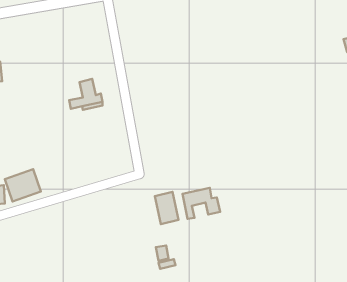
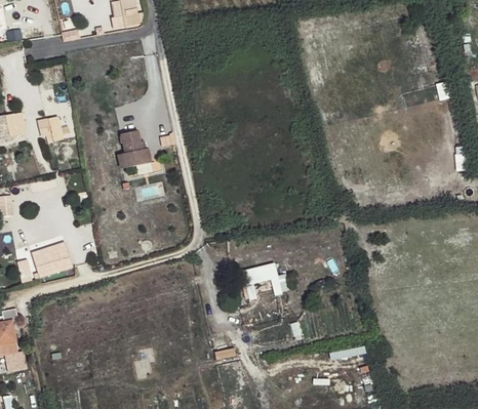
building: none -> [37,114,66,140]
building: [155,192,179,224] -> none

